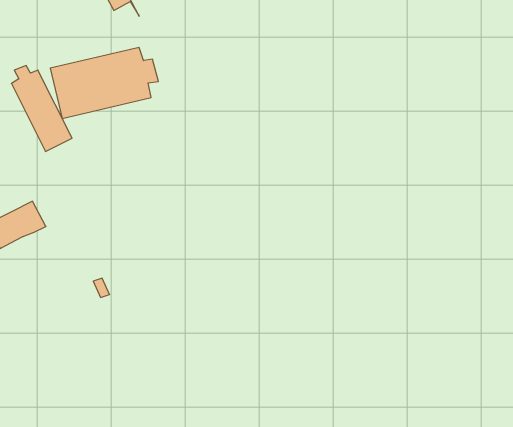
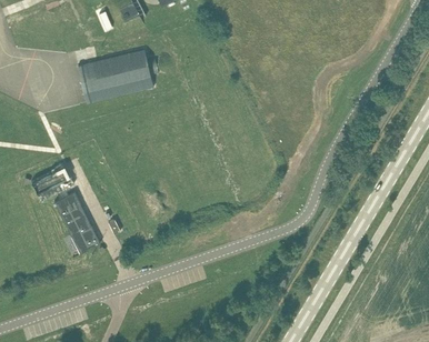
building: [11,66,72,151] -> [53,189,99,253]

